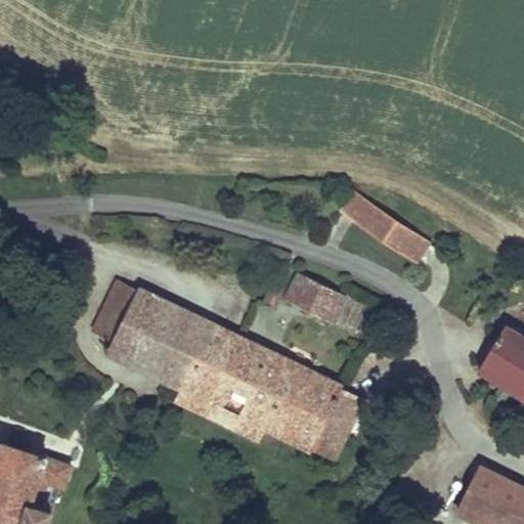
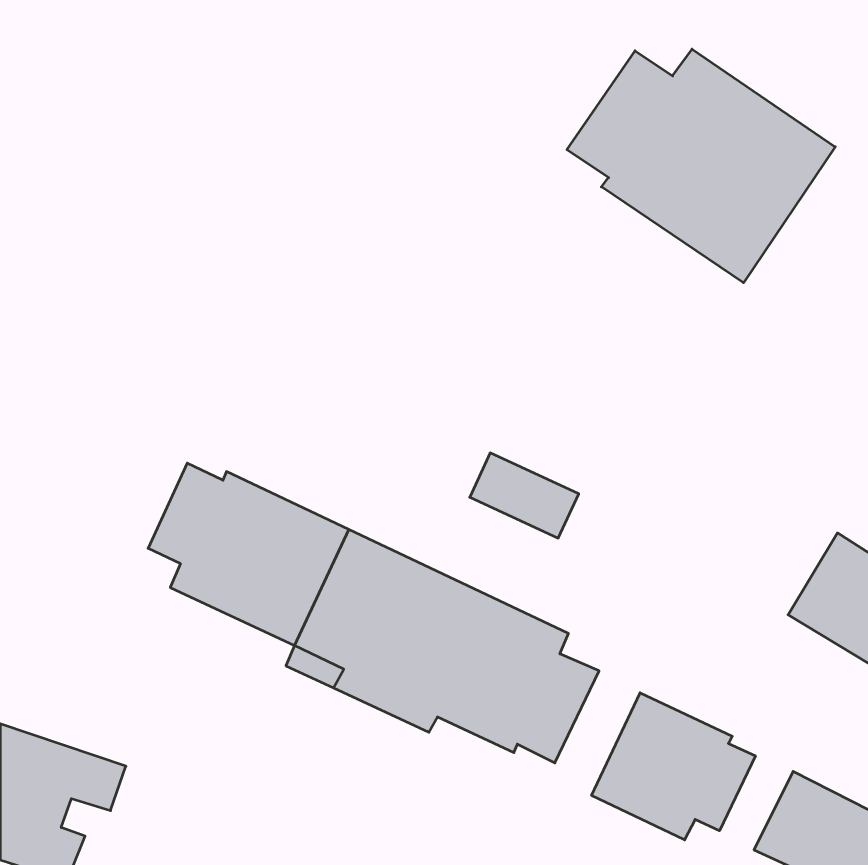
building: none -> [567,49,835,283]
building: [340,192,430,264] -> none
building: none -> [592,693,755,840]

